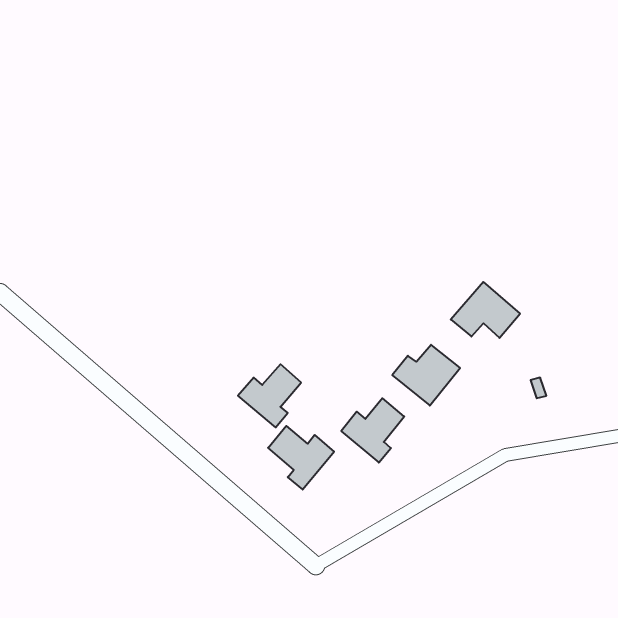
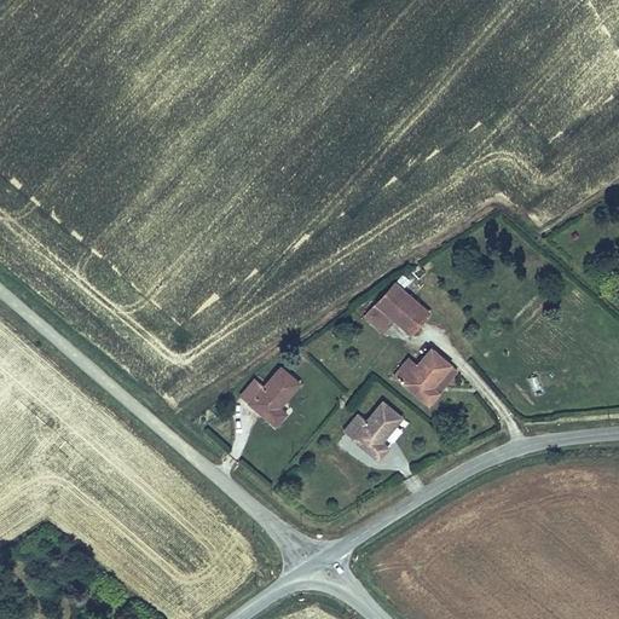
building: [451,282,520,338] -> [363,280,432,336]
building: [268,426,334,490] -> none

